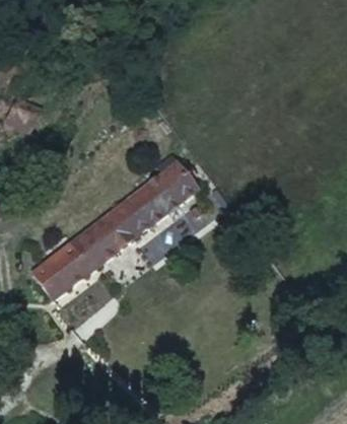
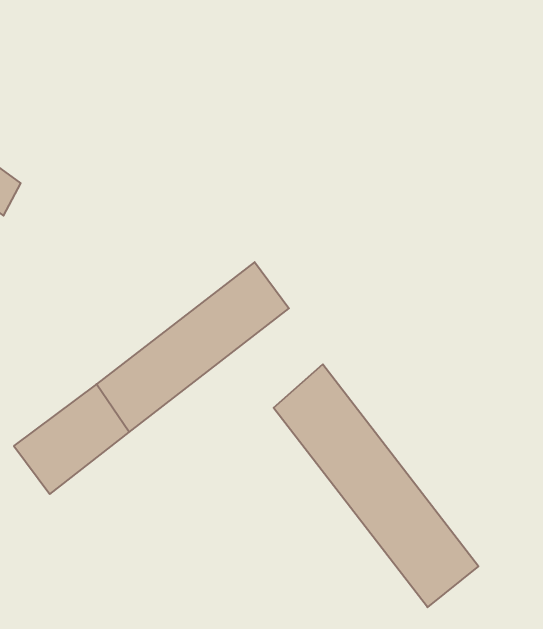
building: none -> [274,364,478,607]

